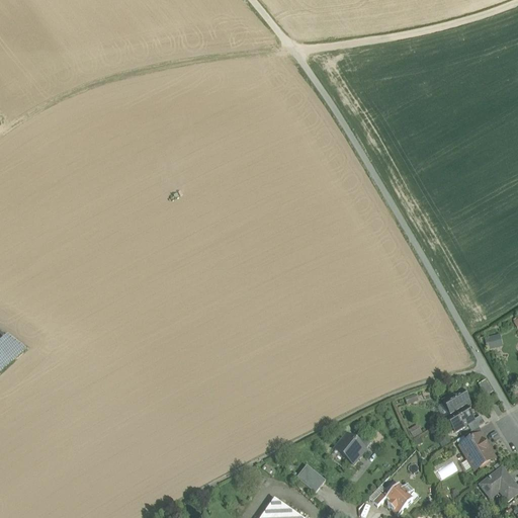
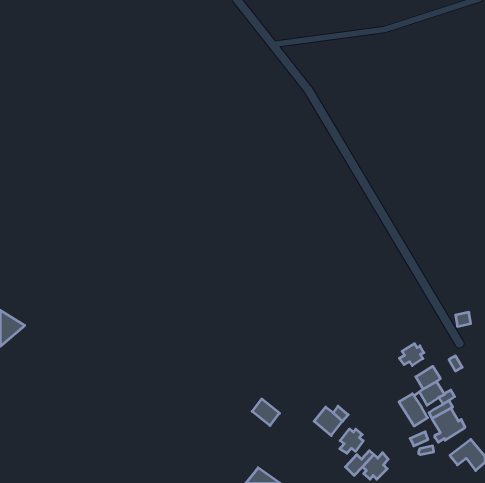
building: none -> [399,344,424,366]
building: none -> [399,394,428,426]
building: none -> [340,429,363,453]
building: [296,465,326,494] -> [252,399,280,426]

